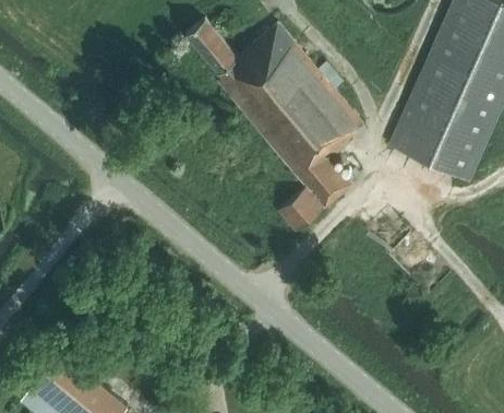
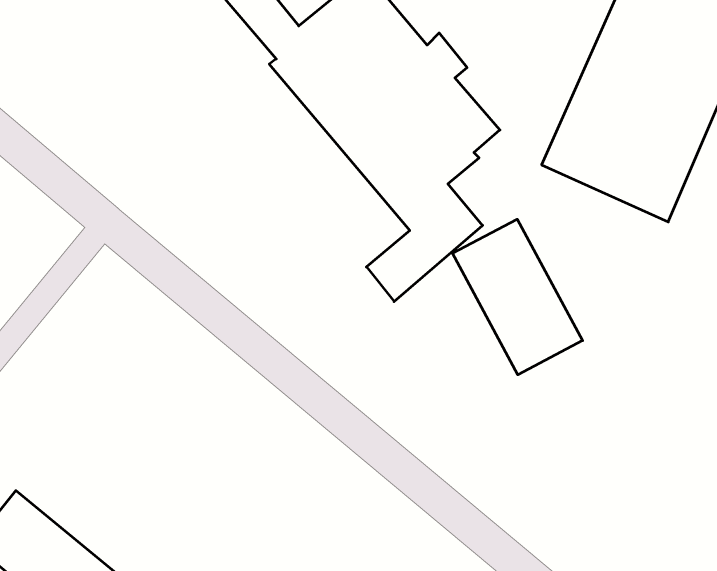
building: none -> [452,219,583,375]

